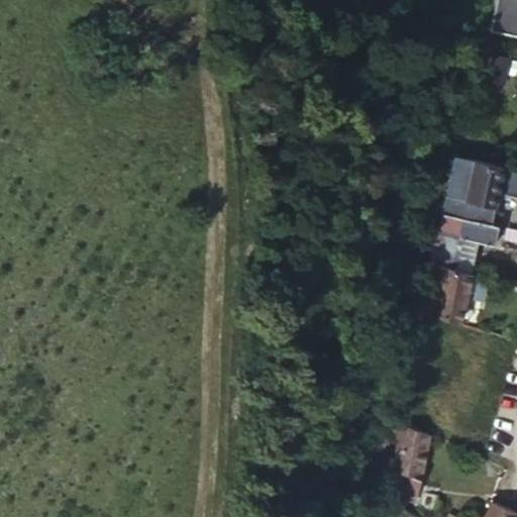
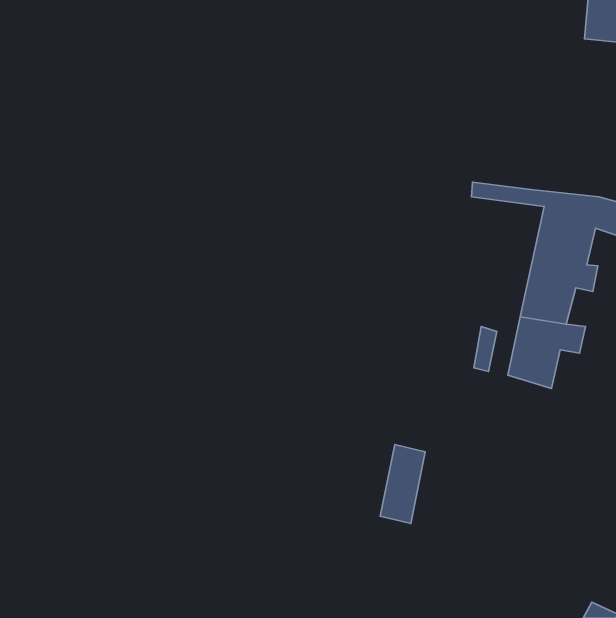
building: [394,429,431,495] -> [380,445,425,524]

